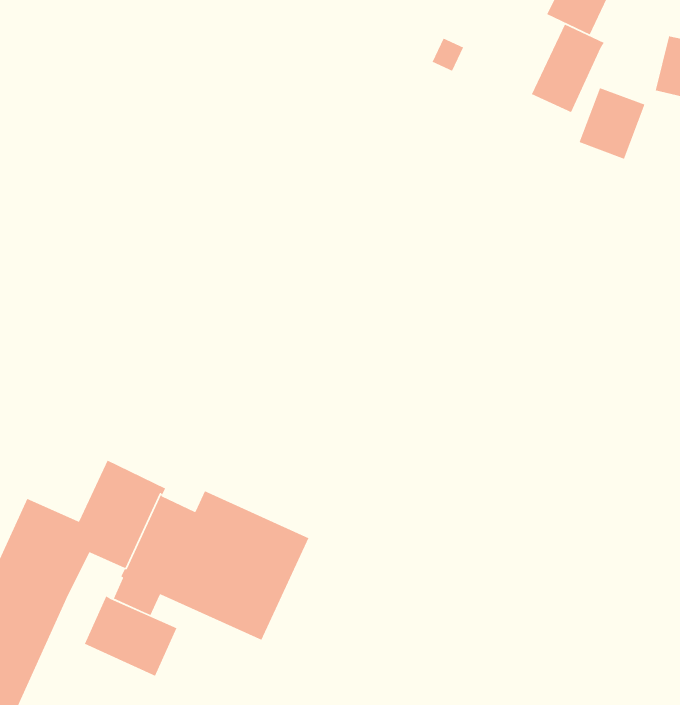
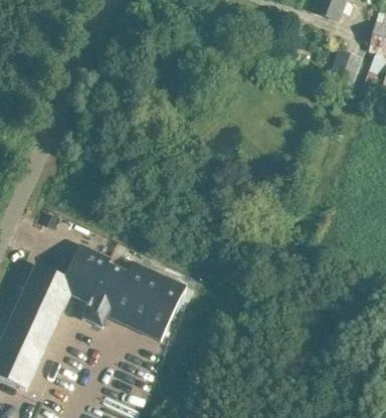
building: [531,24,605,113] -> none
building: [84,595,177,677] -> none

